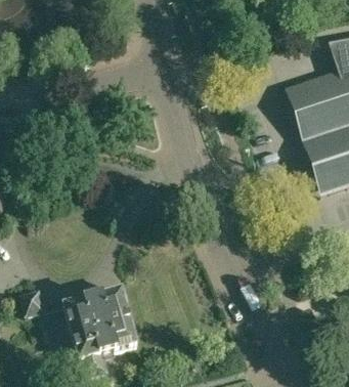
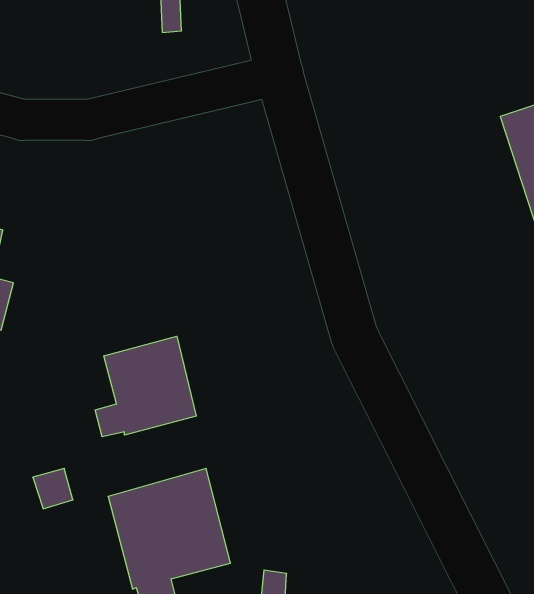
building: none -> [95,336,196,437]

